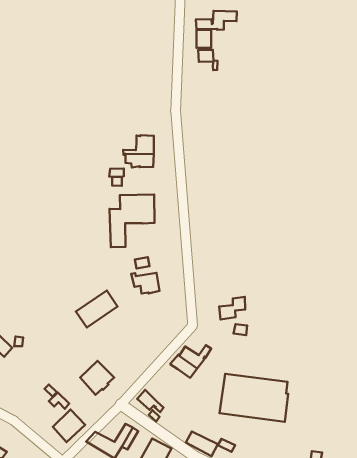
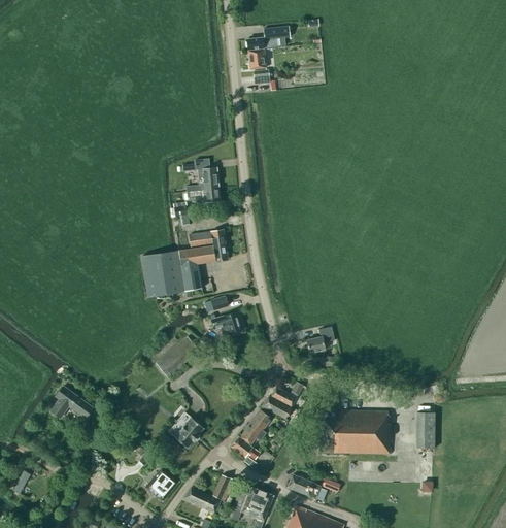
building: none -> [141,251,183,298]
building: none -> [240,407,271,444]
building: none -> [416,412,435,449]

